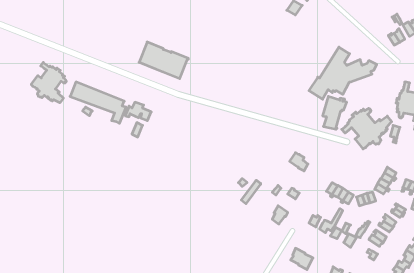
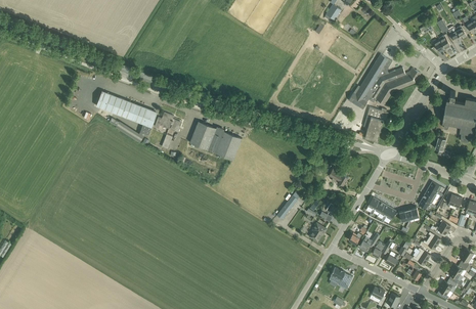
building: [139,42,188,79] -> [190,121,243,160]
building: [31,62,66,103] -> none
building: [342,108,392,149] -> none

